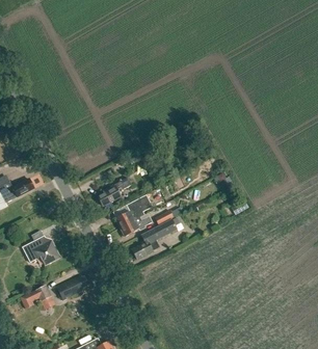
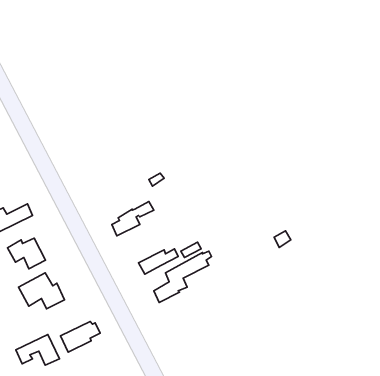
building: [115,194,151,226] -> none
building: none -> [7,238,46,269]

